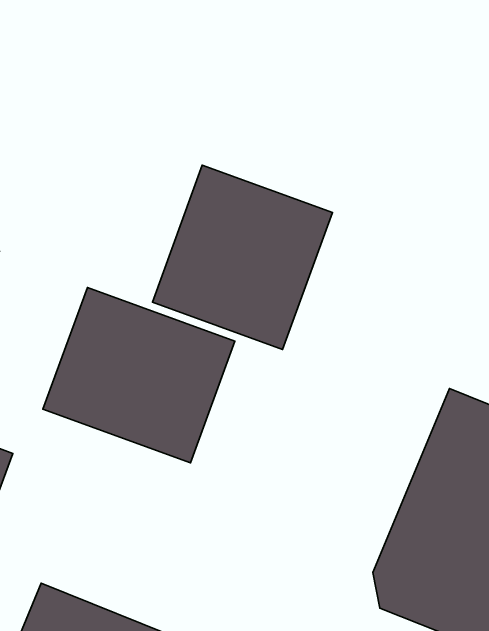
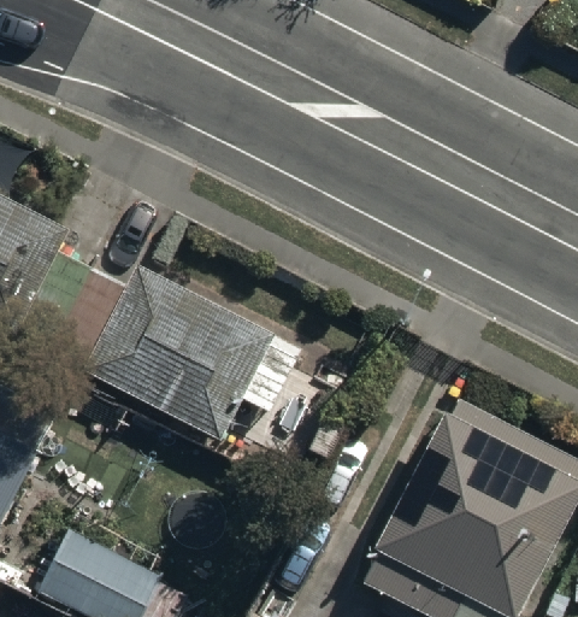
building: [152,165,332,349] -> none

